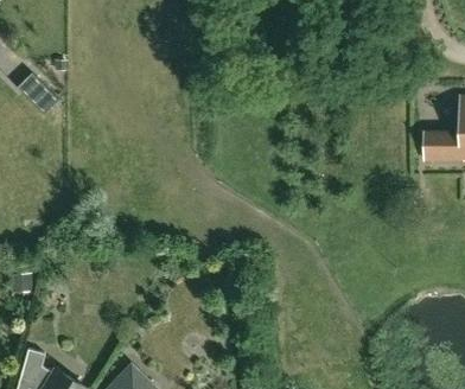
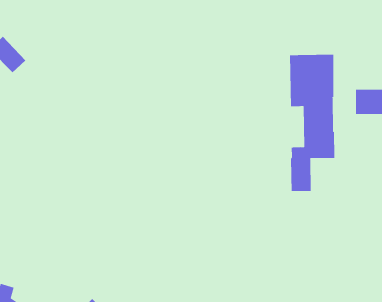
building: none -> [290,54,335,192]

